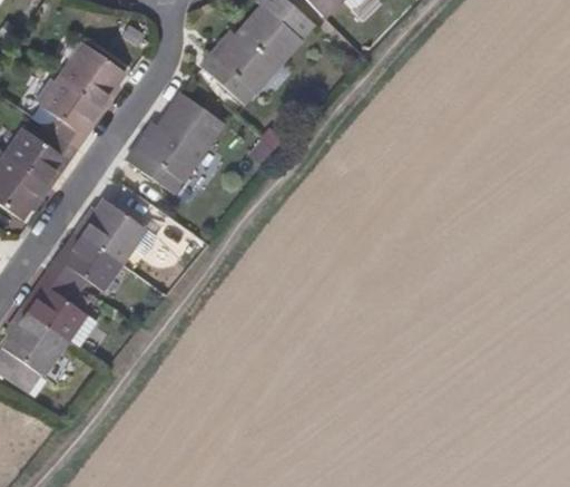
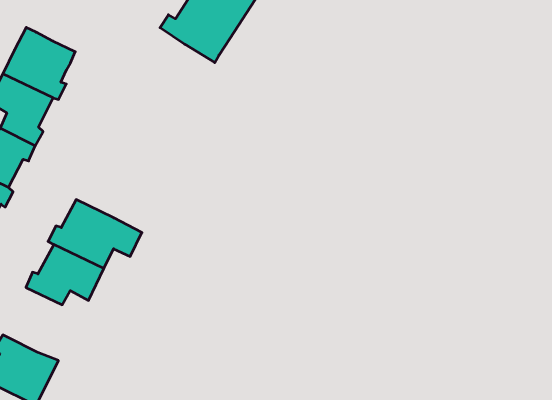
building: [128,92,224,192] -> none
building: [26,270,85,338] -> none

